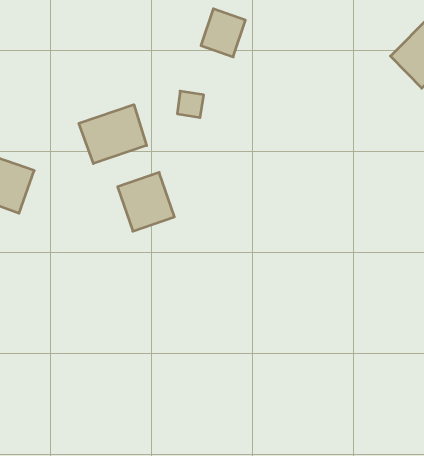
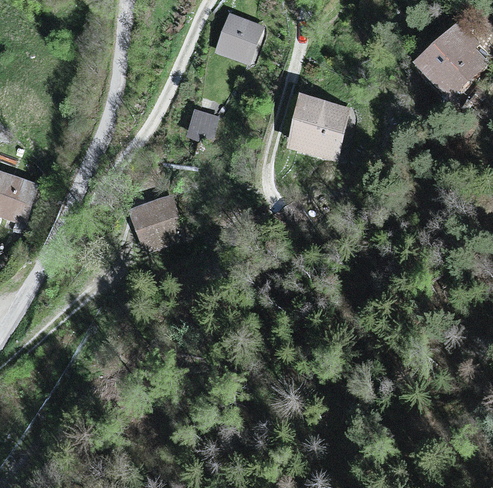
building: none -> [285,95,349,163]
building: [79,105,147,164] -> none

